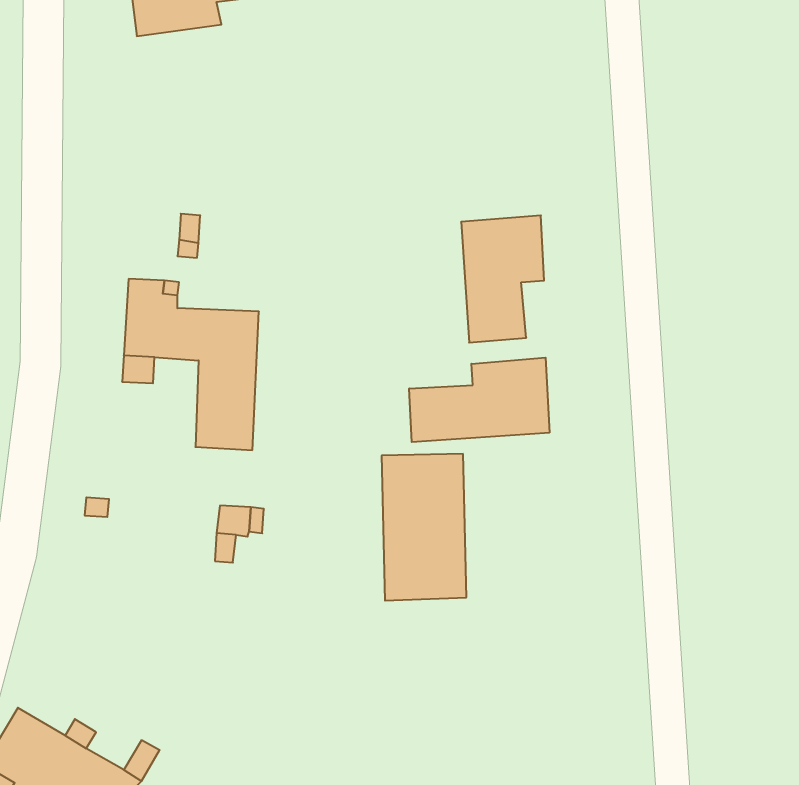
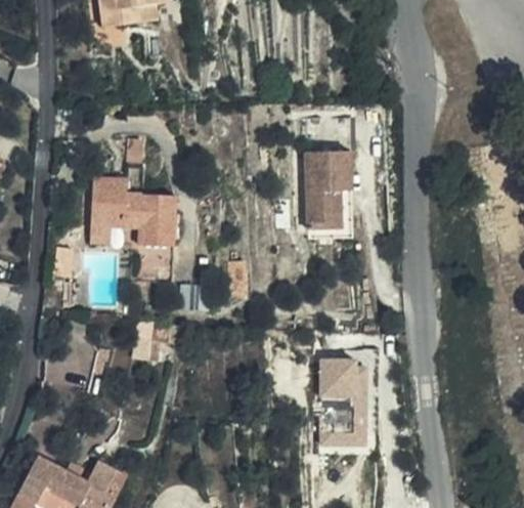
building: [409,358,549,442] -> none
building: [382,454,466,601] -> [318,353,372,446]

